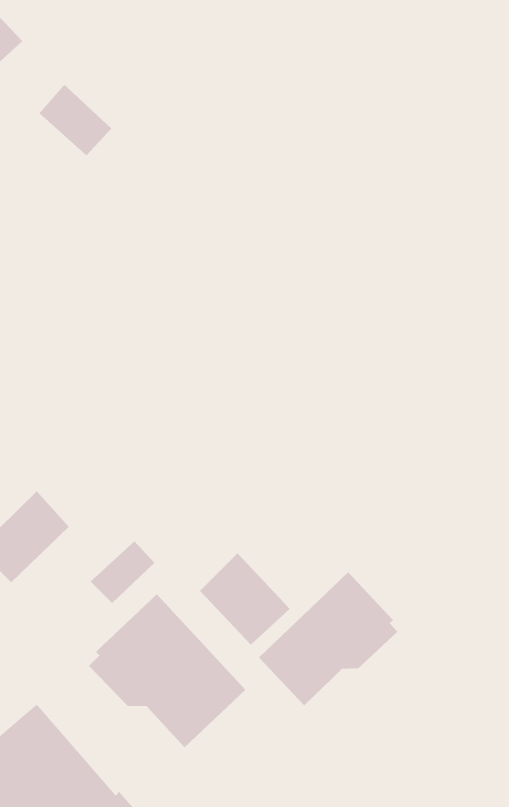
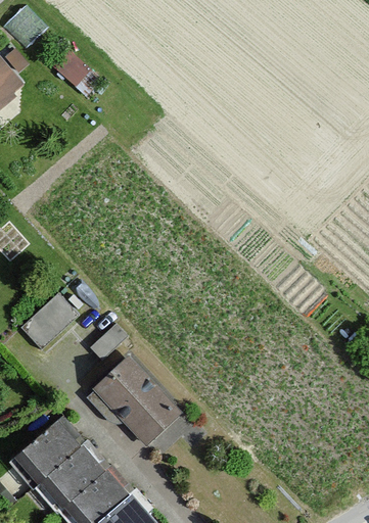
building: [199,553,291,645] -> none
building: [258,572,398,706] -> none

